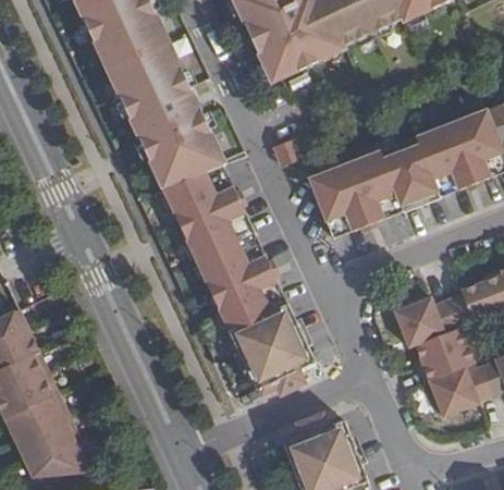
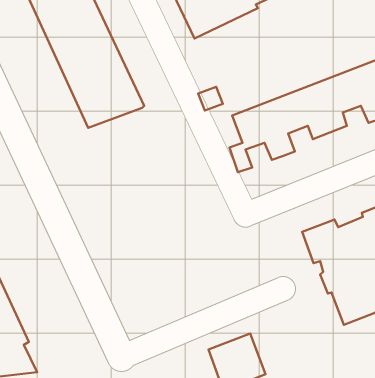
building: [152,164,311,389] -> none

